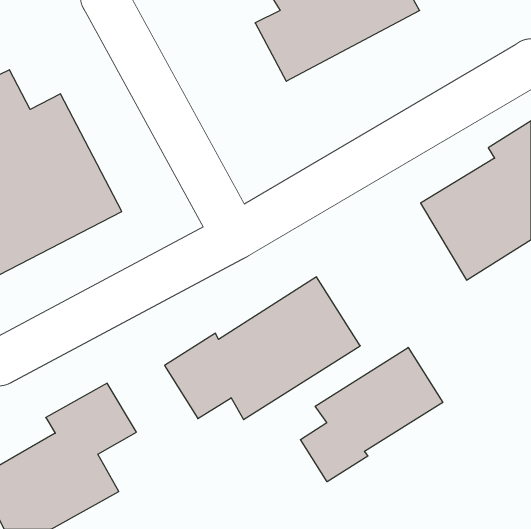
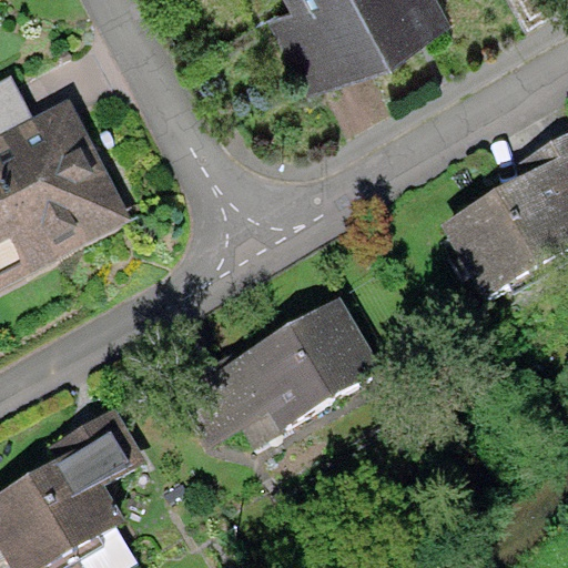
building: [300,347,443,482] -> none

